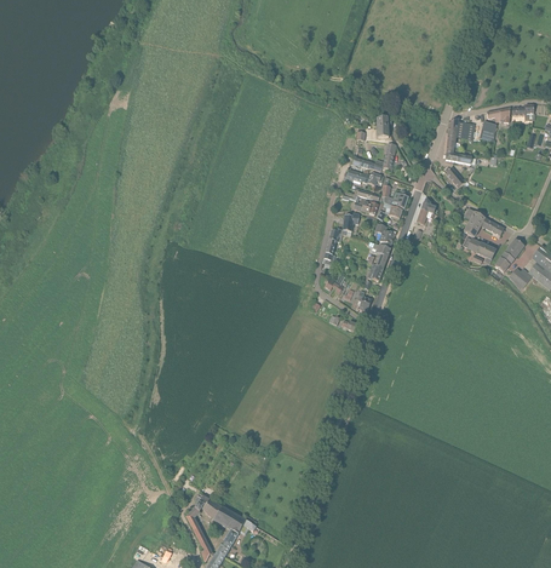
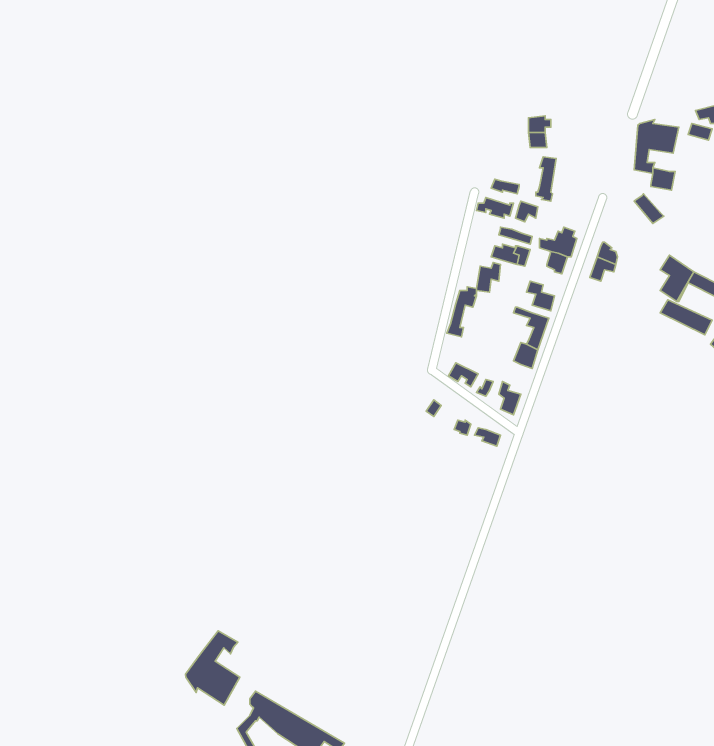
building: none -> [186,631,240,705]

